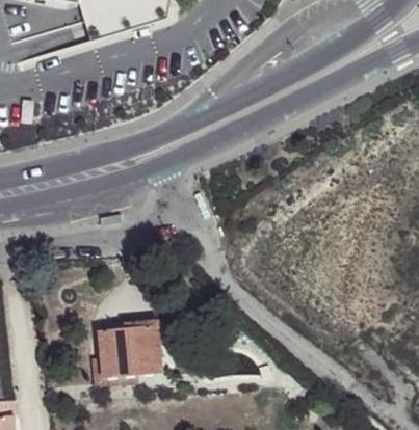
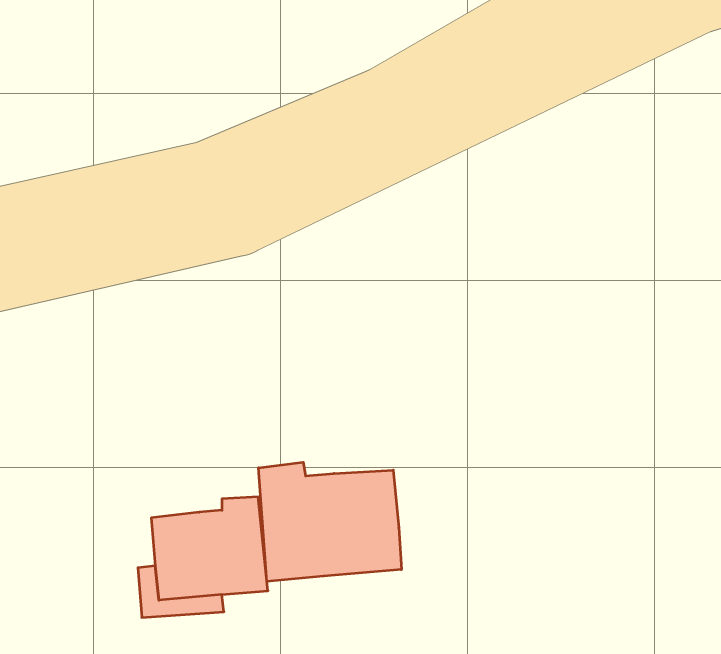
building: none -> [259,462,401,581]

